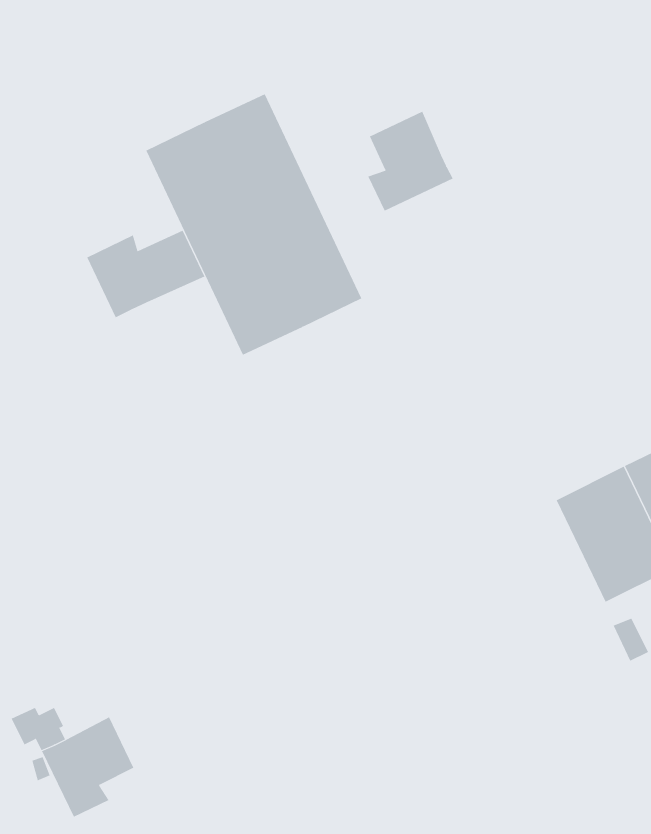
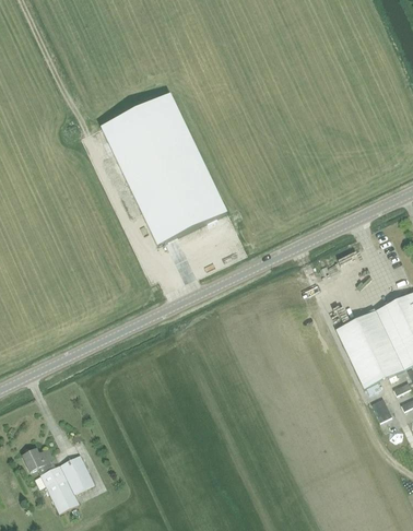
building: [367,111,453,211] -> none
building: [87,230,205,318] -> none

